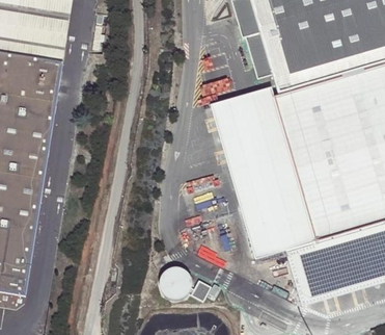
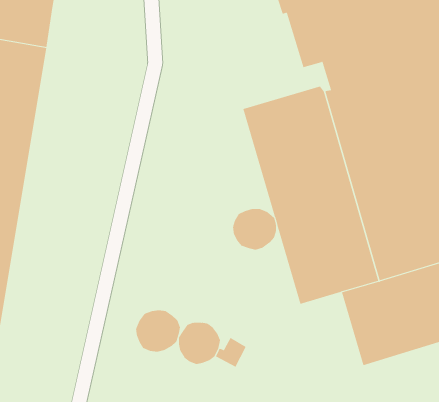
building: none -> [233,208,277,250]
building: none -> [136,309,181,353]

